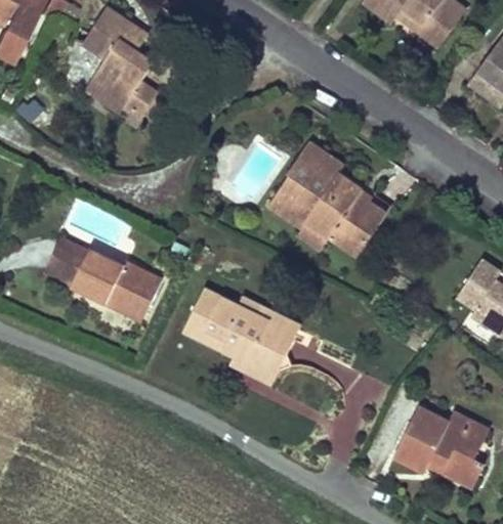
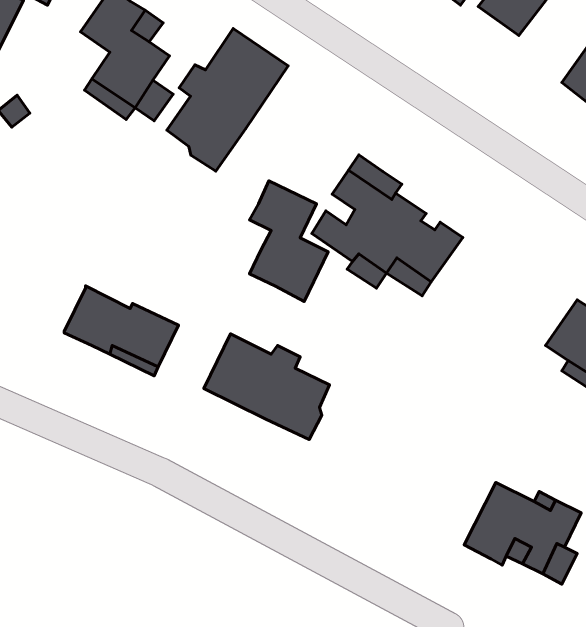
building: none -> [167,28,288,171]
building: none -> [249,181,328,301]
building: [42,236,87,285] -> none
building: [227,305,301,384] -> none

